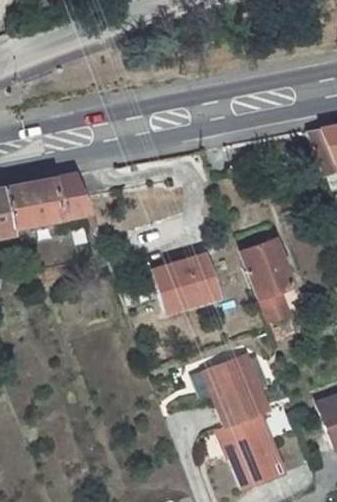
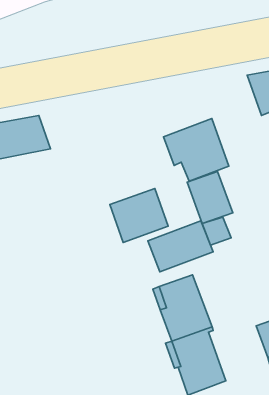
building: none -> [164,118,229,181]
building: none -> [148,221,213,272]

